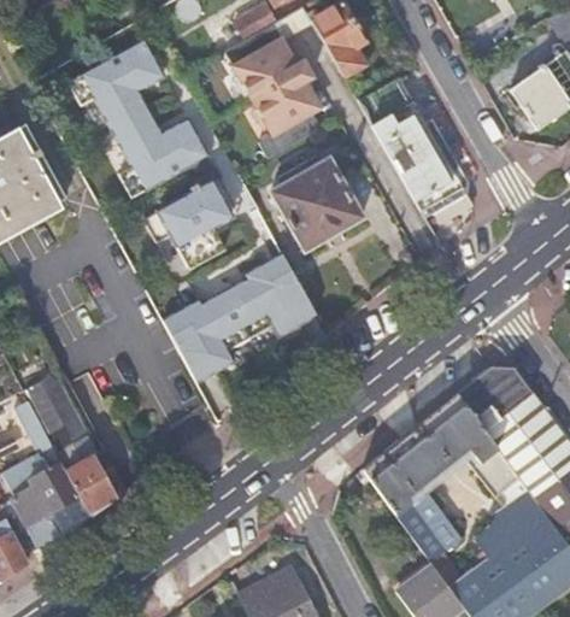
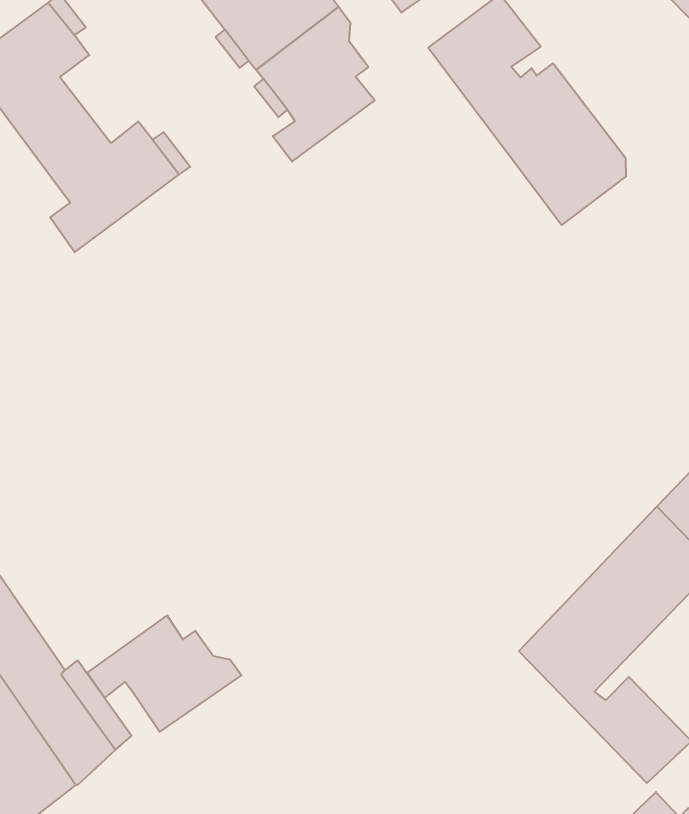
building: [271,159,363,249] -> none
building: [143,178,230,266] -> none
building: [160,254,313,381] -> none
building: none -> [87,615,242,732]

